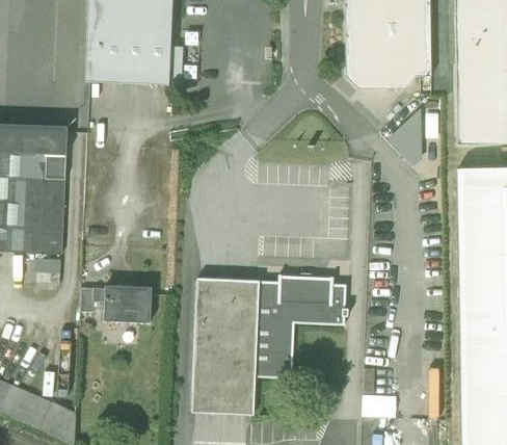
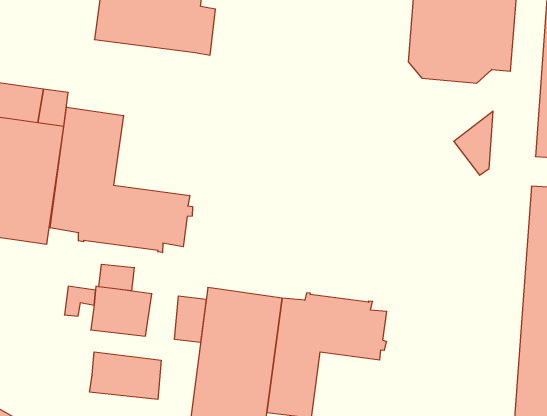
building: none -> [50,107,192,253]
building: none -> [99,264,134,291]
building: none -> [174,296,206,342]
building: none -> [90,352,161,399]

